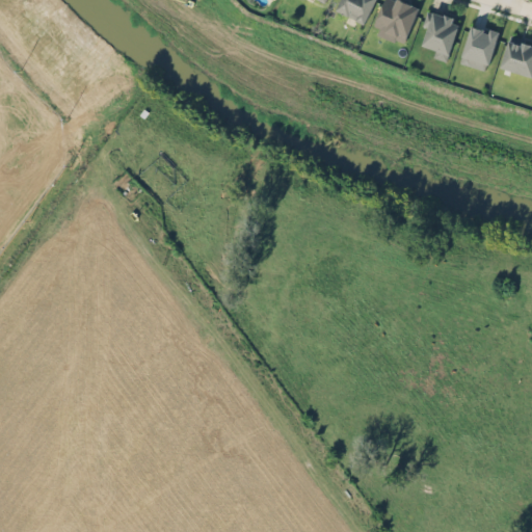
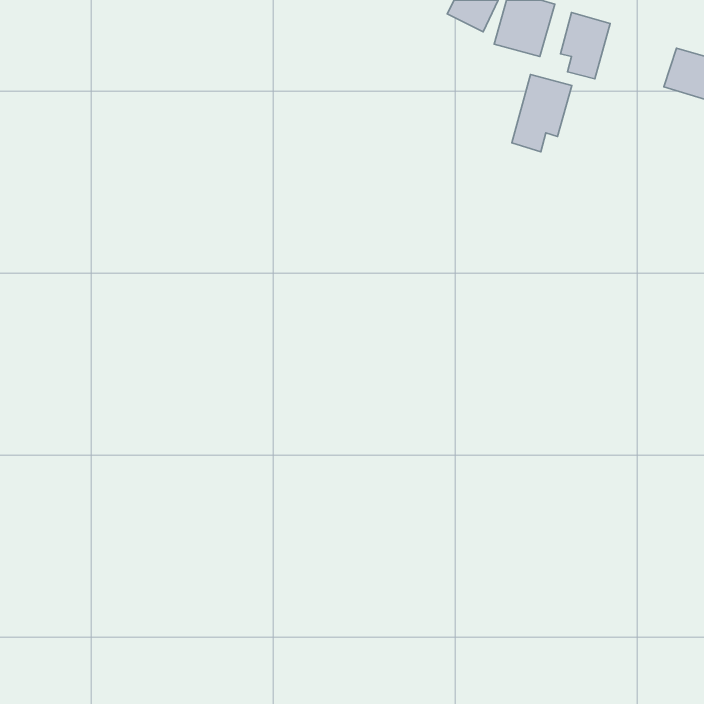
building: [462,25,498,70] -> none
building: none -> [512,75,572,152]

